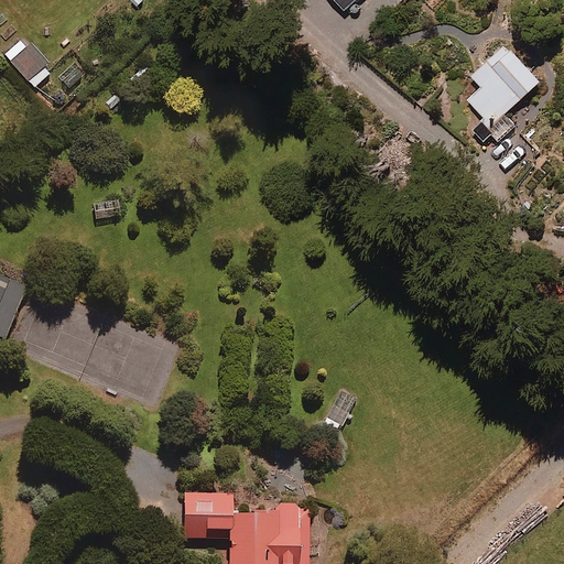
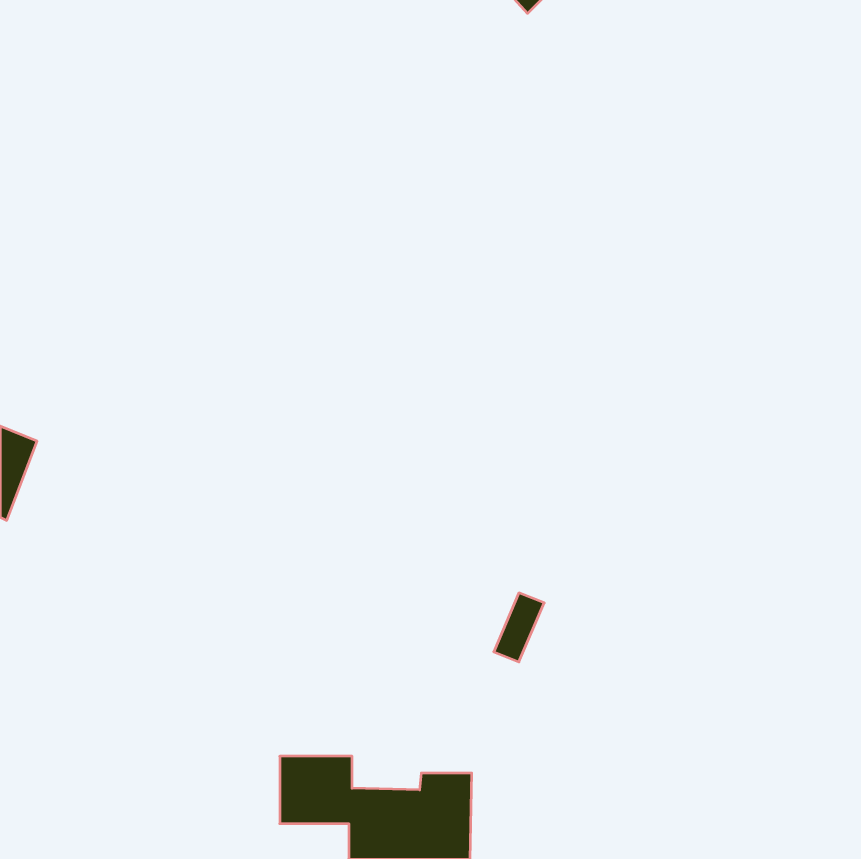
building: [4,37,53,87] -> none
building: [468,43,540,137] -> none

